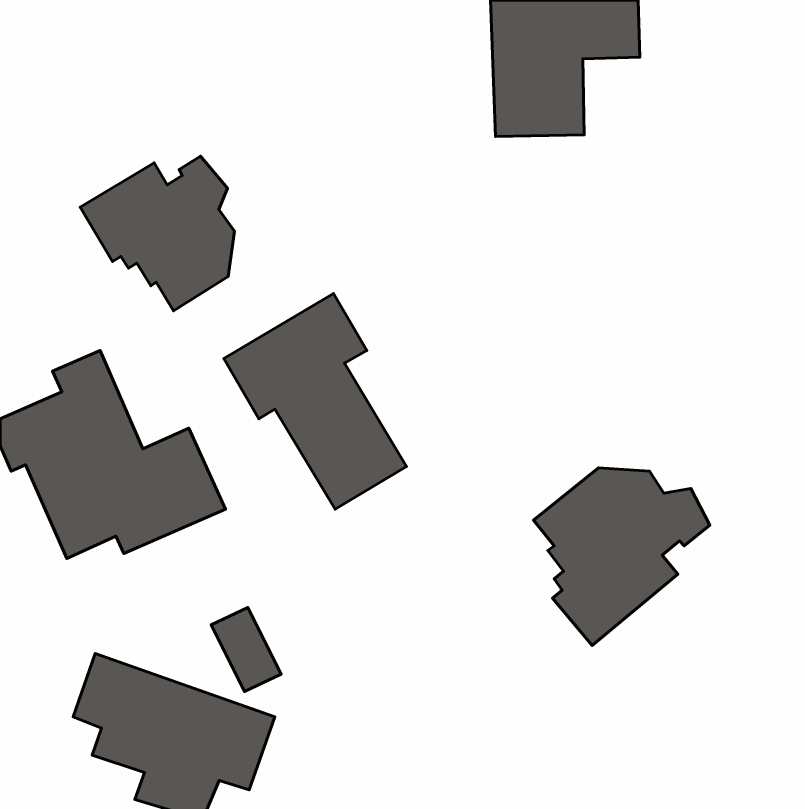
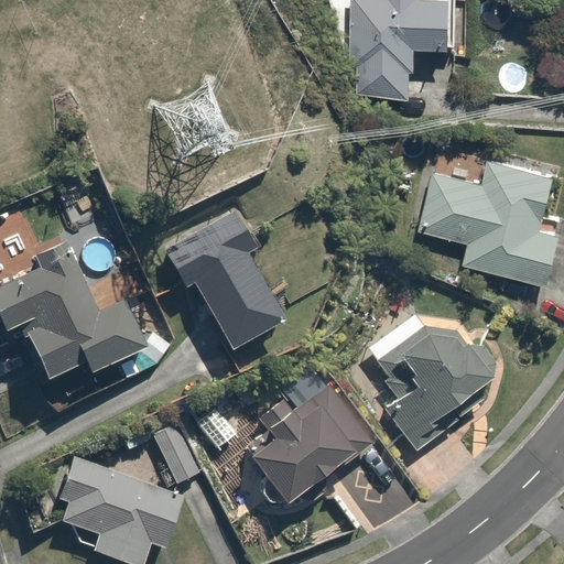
building: [80,156,235,311] -> none
building: none -> [415,156,555,280]
building: none -> [257,391,368,505]

